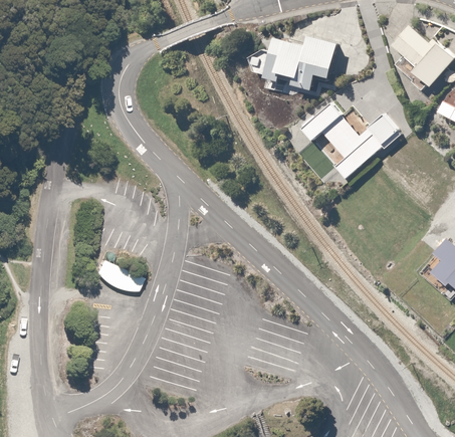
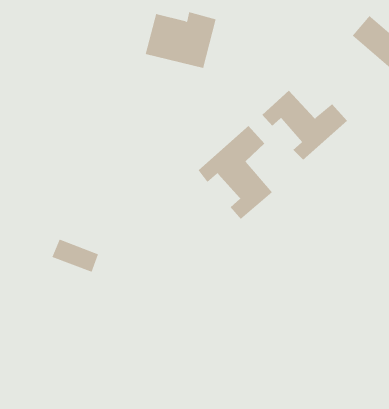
building: [267,35,342,94] -> [145,12,216,69]
building: none -> [198,125,273,220]

